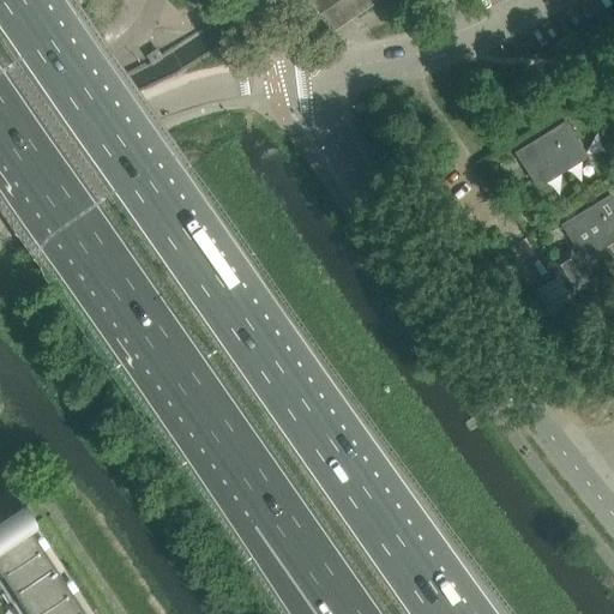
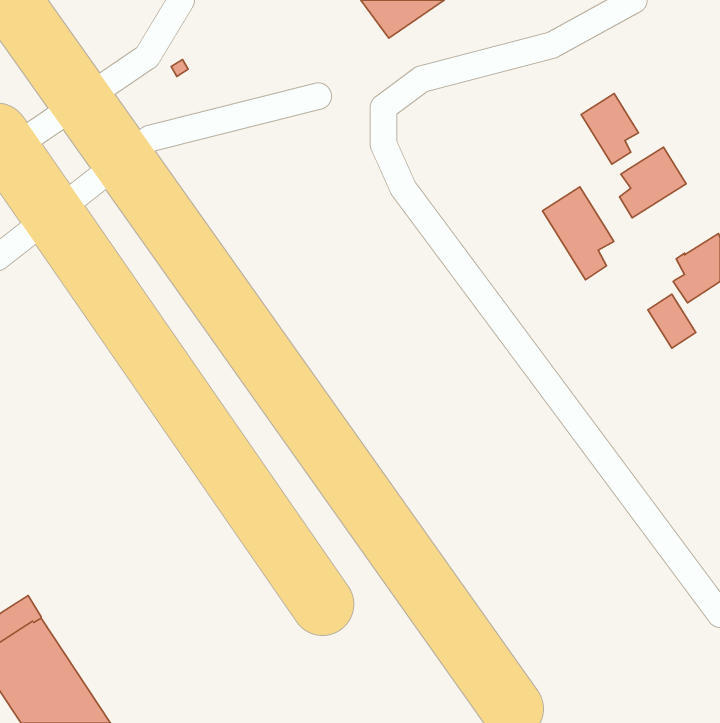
building: none -> [581,94,638,164]
building: none -> [543,187,614,280]

